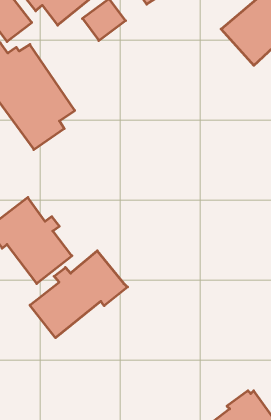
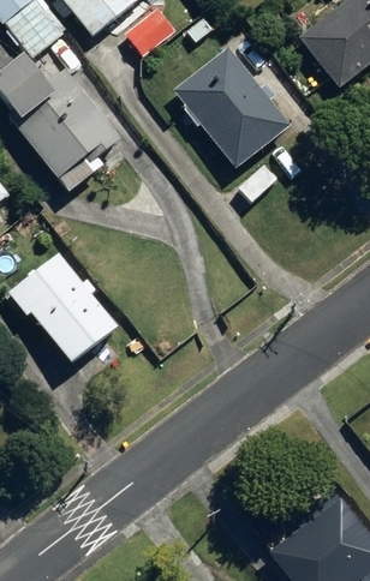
building: none -> [171,46,287,168]
building: [30,251,128,338] -> none

